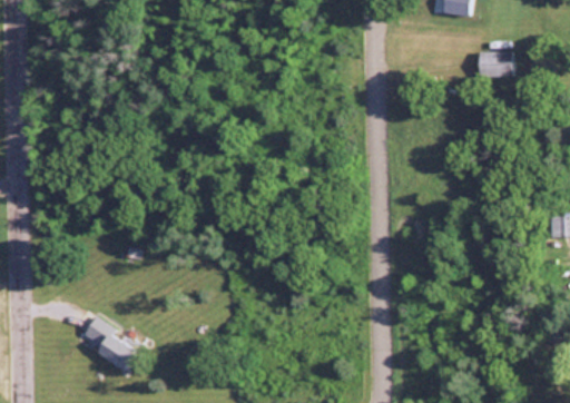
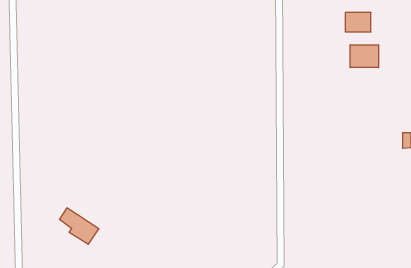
building: none -> [350,45,378,68]

